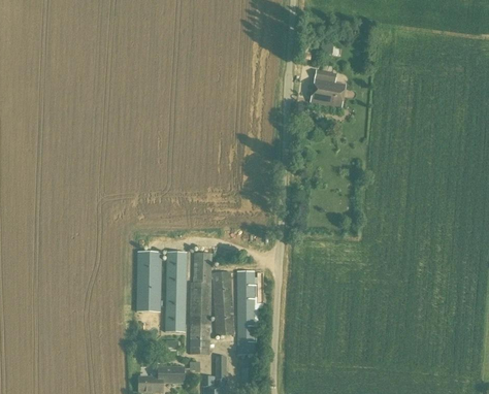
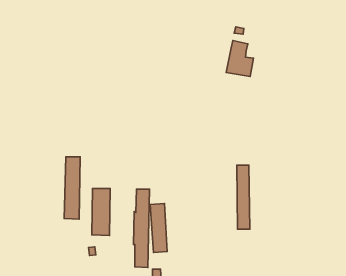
building: [165,251,186,331] -> [64,157,80,219]
building: [237,270,254,353] -> [237,165,250,229]

